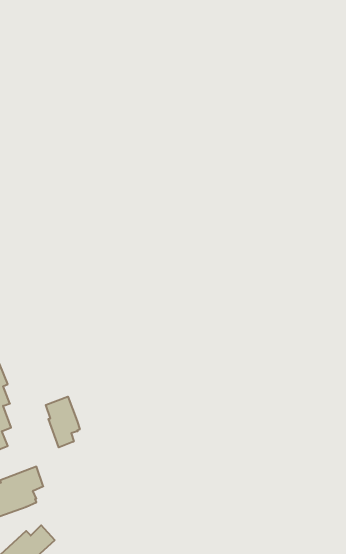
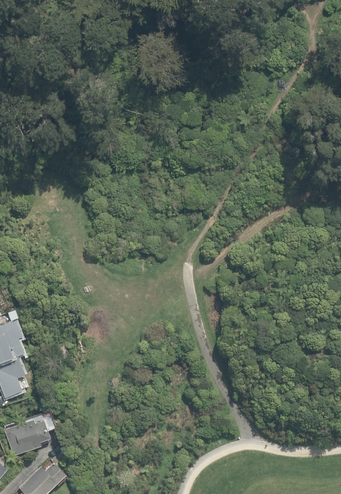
building: [46,397,80,447] -> none

